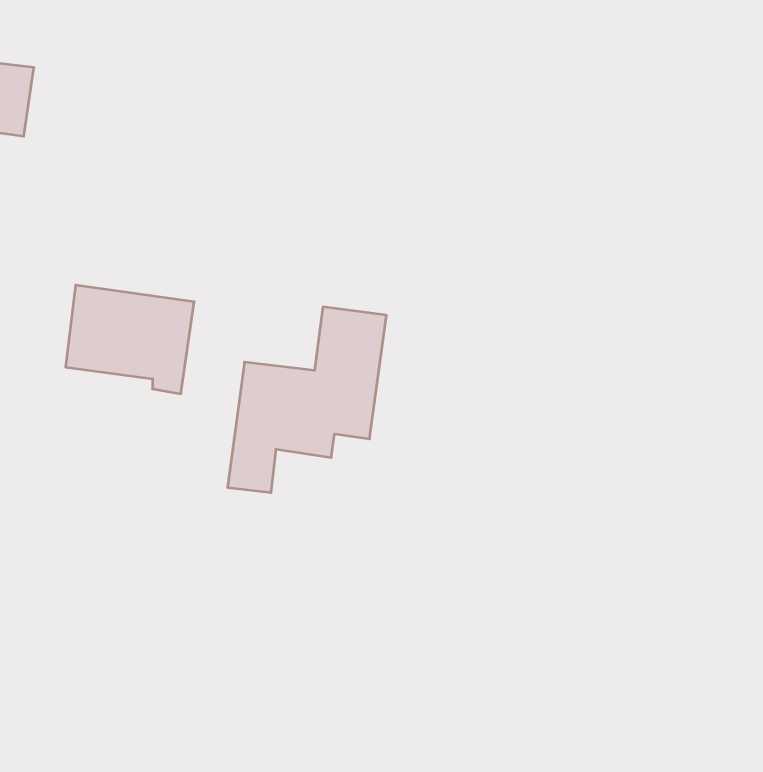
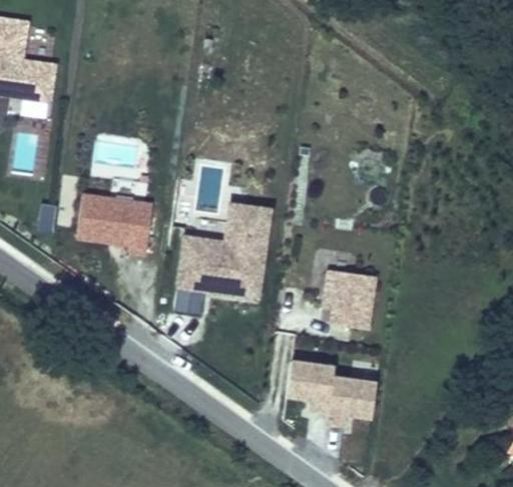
building: none -> [321,270,378,330]
building: none -> [286,358,375,417]

